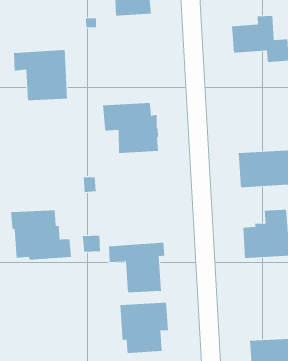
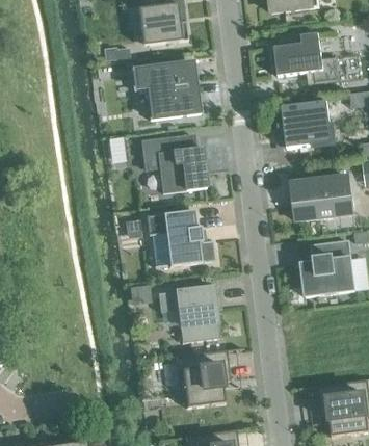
building: [13,50,68,101] -> [133,59,195,117]
building: none -> [281,100,332,147]
building: [10,210,72,260] -> [144,209,214,265]

